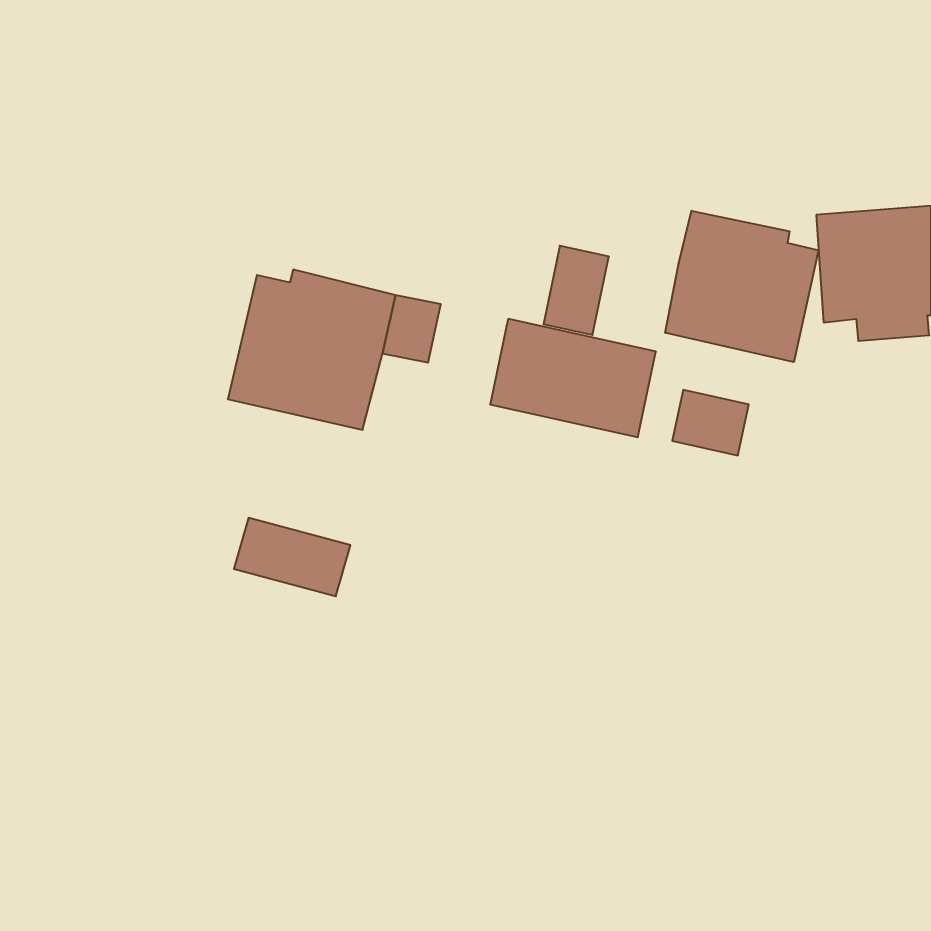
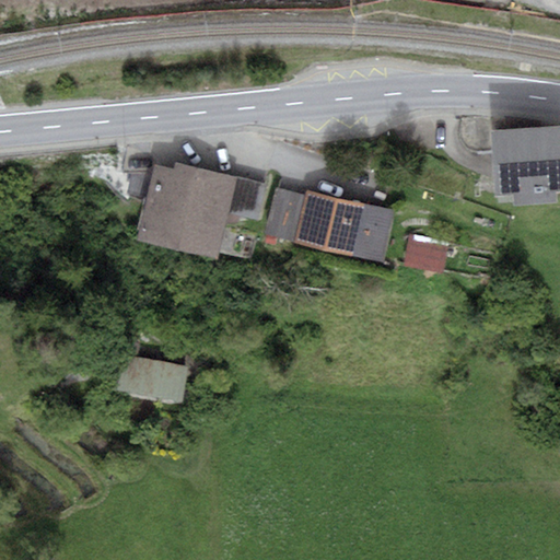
building: [665,211,819,362] -> none
building: [543,246,609,335] -> [265,189,304,243]
building: [234,518,350,596] -> [117,357,187,404]

